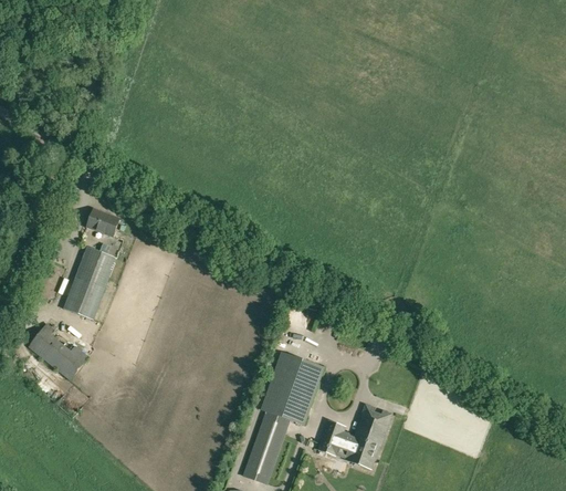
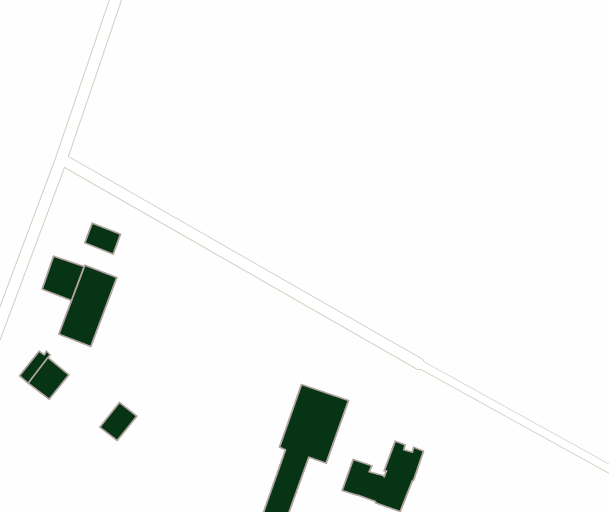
building: none -> [42,256,84,300]
building: [55,344,88,378] -> [100,402,137,441]

